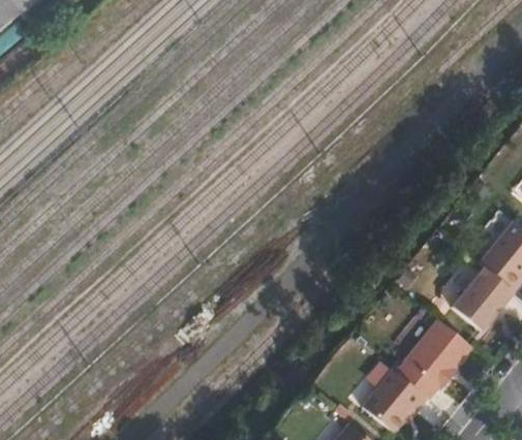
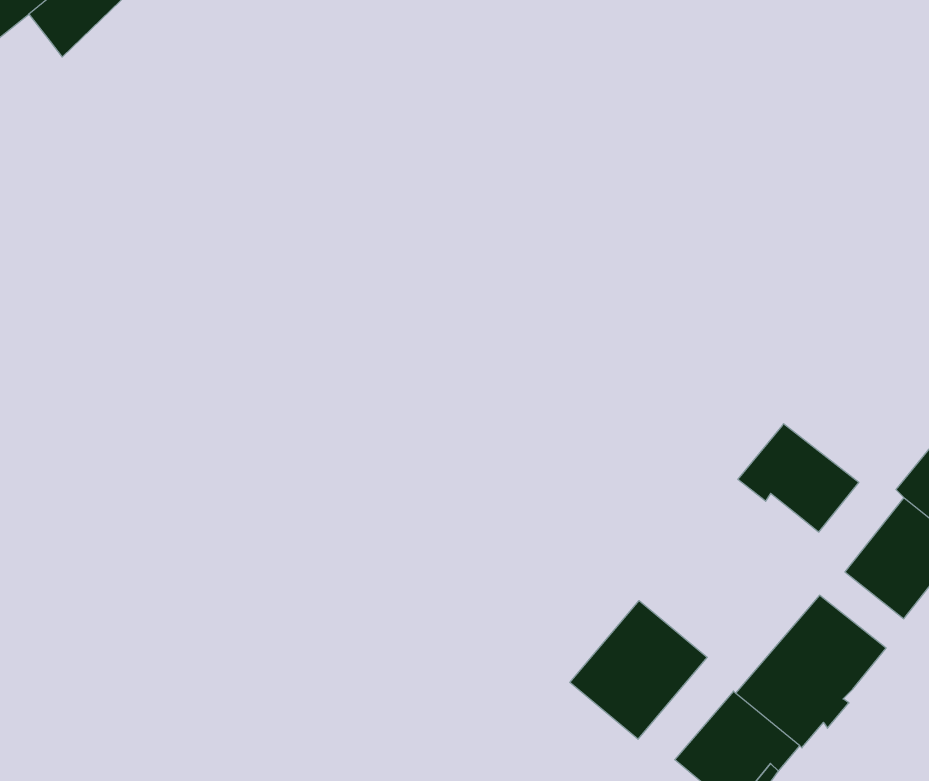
building: none -> [738,424,859,532]
building: none -> [570,601,707,739]

